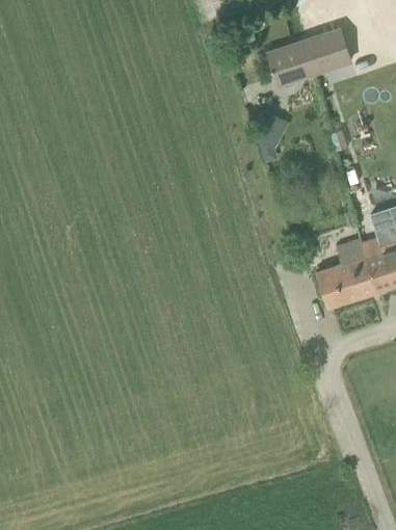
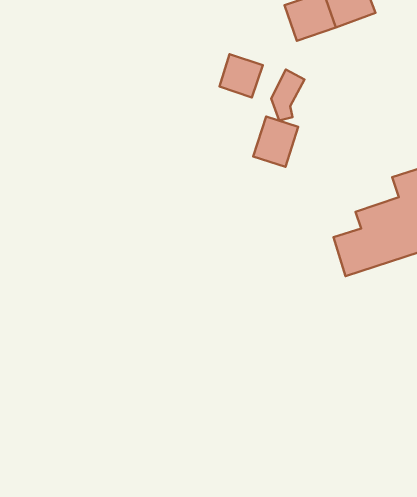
building: none -> [219,54,263,98]
building: none -> [253,116,298,167]

